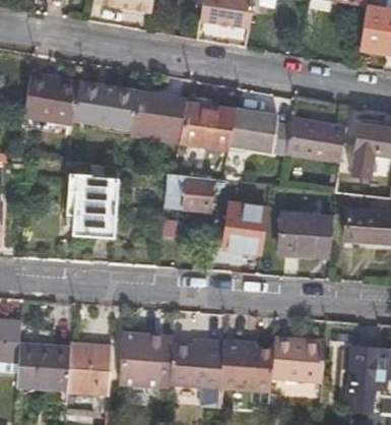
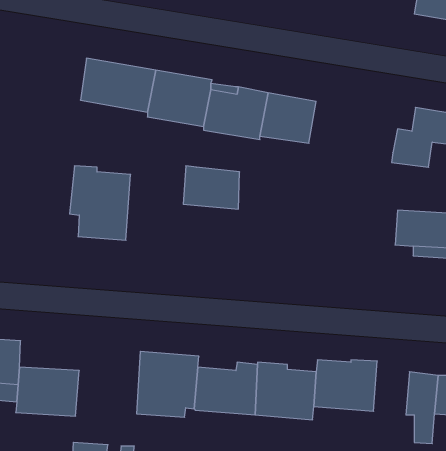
building: [24,73,79,122] -> none
building: [283,118,345,162] -> none
building: [221,204,259,250] -> none
building: [277,215,332,254] -> none
building: [70,341,114,391] -> none

